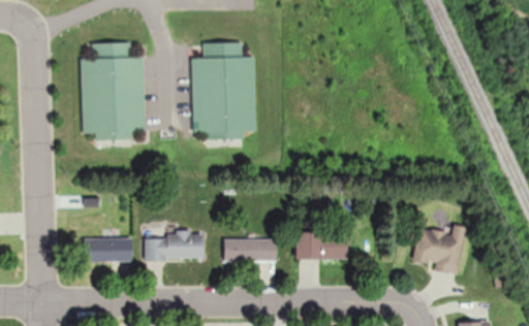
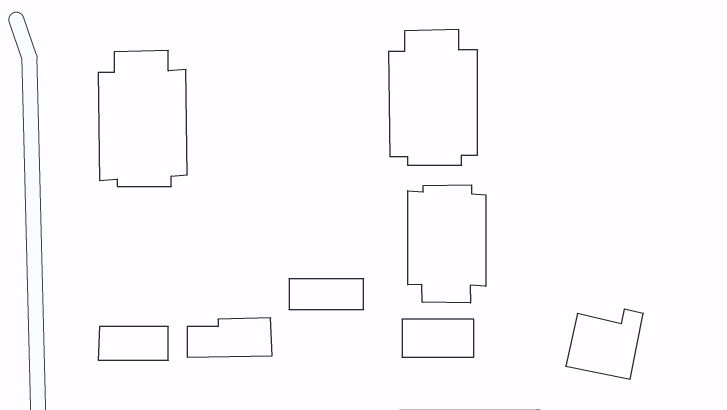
building: [192,42,255,138] -> [389,29,478,165]
building: none -> [408,185,486,303]
building: [224,239,277,261] -> [289,279,364,310]

